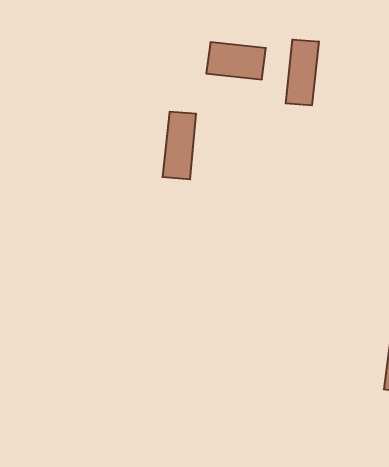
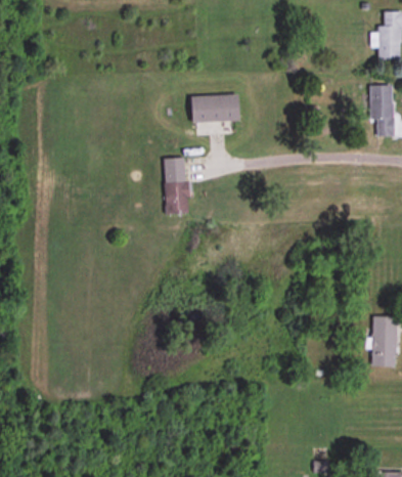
building: [286,39,319,105] -> none

